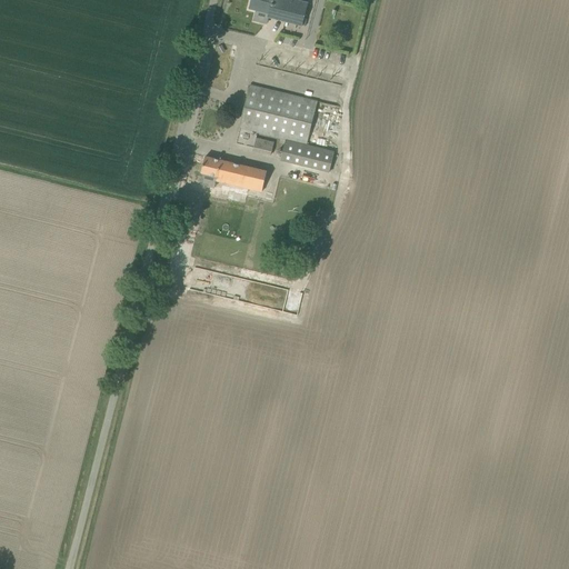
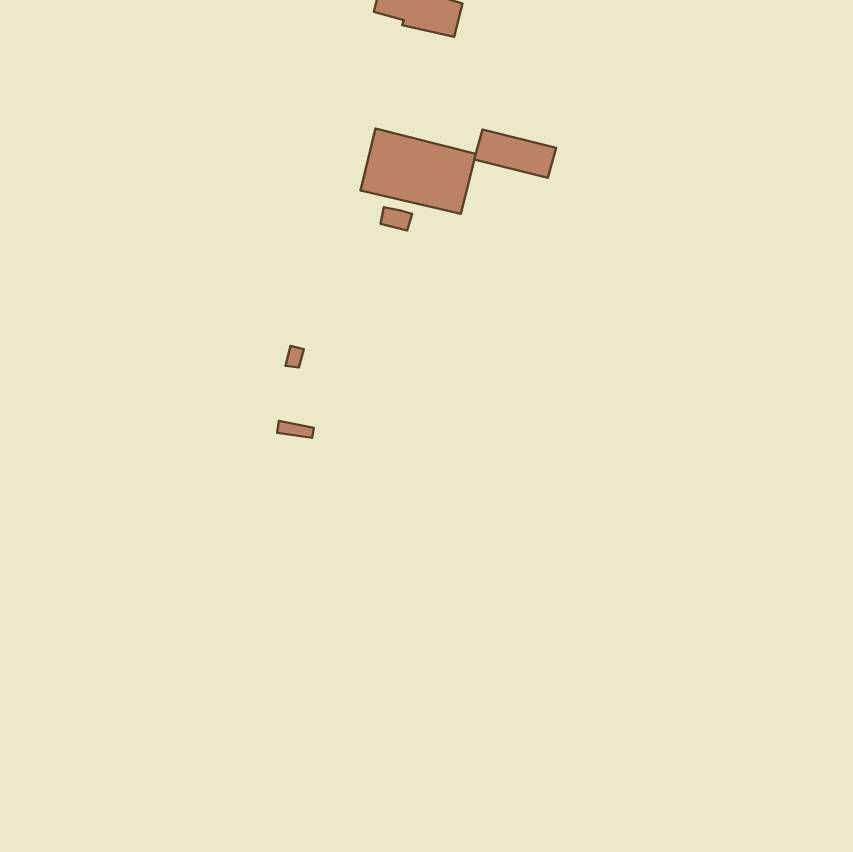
building: [280,139,335,171] -> [474,129,556,178]
building: [201,156,267,191] -> none

